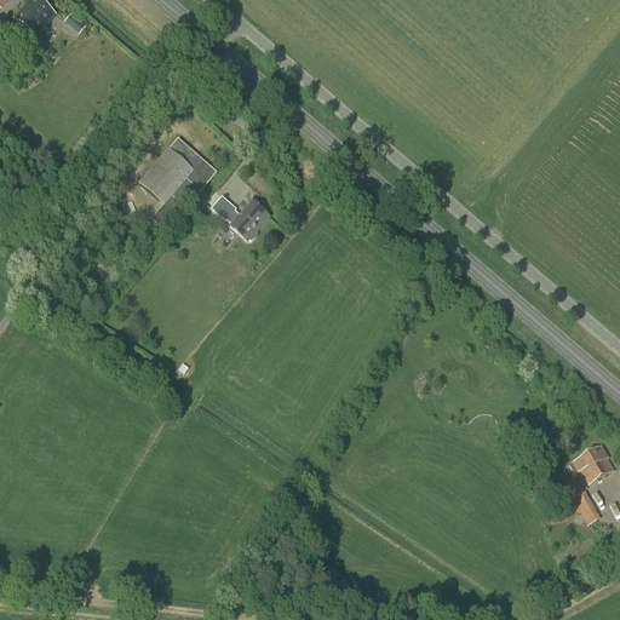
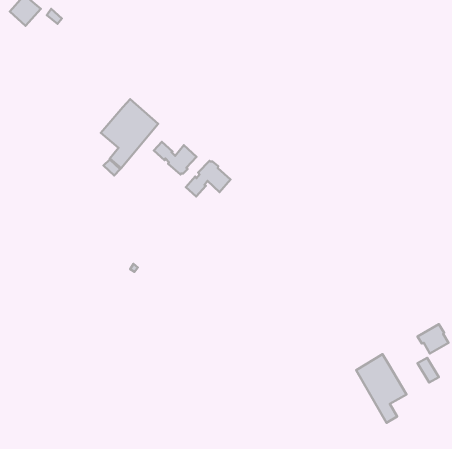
building: none -> [186,161,231,197]
building: none -> [356,354,406,423]

